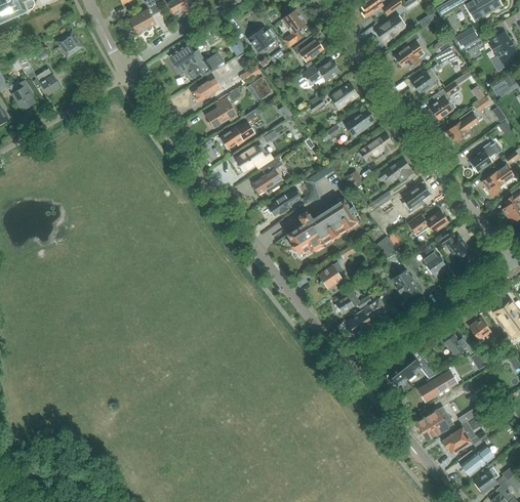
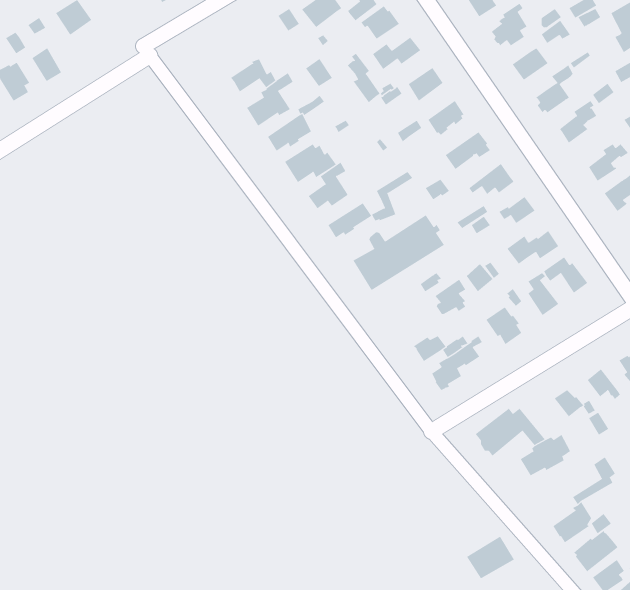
building: [169,44,225,78] -> none
building: none -> [347,53,380,103]
building: [318,261,343,289] -> [435,279,466,314]
building: [415,406,453,440] -> [466,536,515,579]

